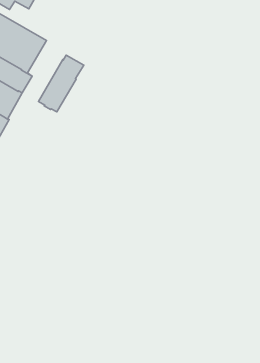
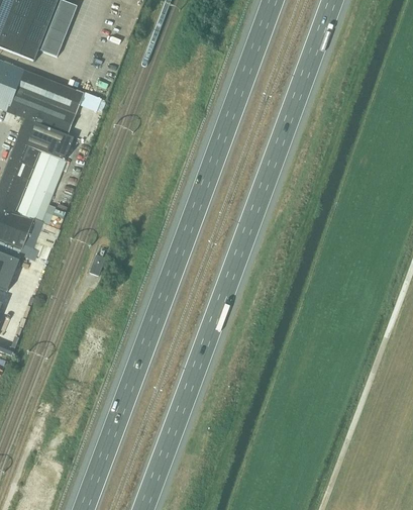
building: [39,55,84,112] -> none

